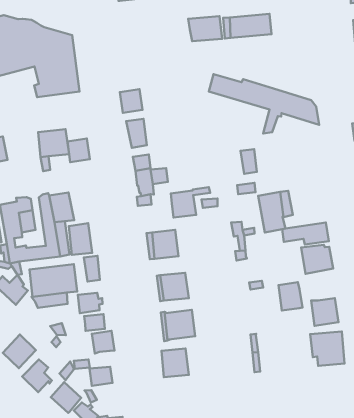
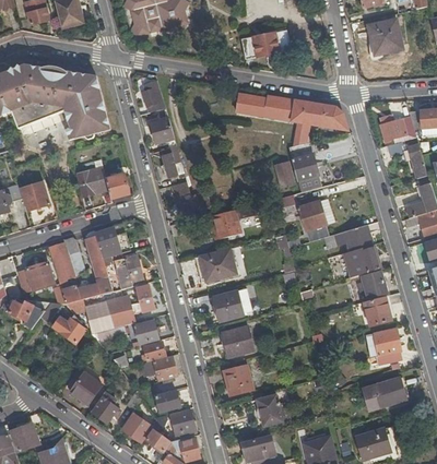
building: [188,16,222,41] -> none
building: none -> [142,81,165,112]
building: none -> [288,142,318,180]
building: [278,282,303,310] -> [362,271,388,300]
building: none -> [362,377,405,405]
building: none -> [256,393,282,425]
building: none -> [168,408,194,436]

